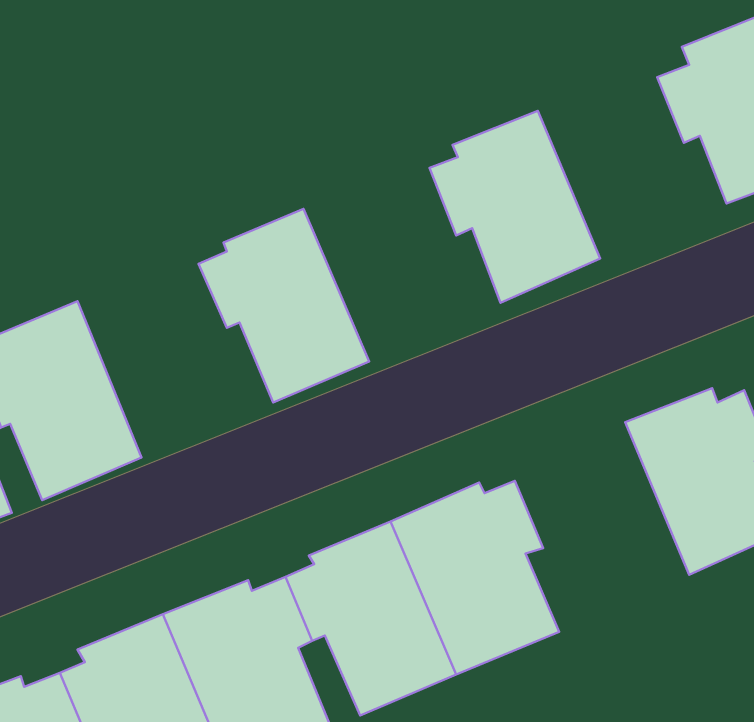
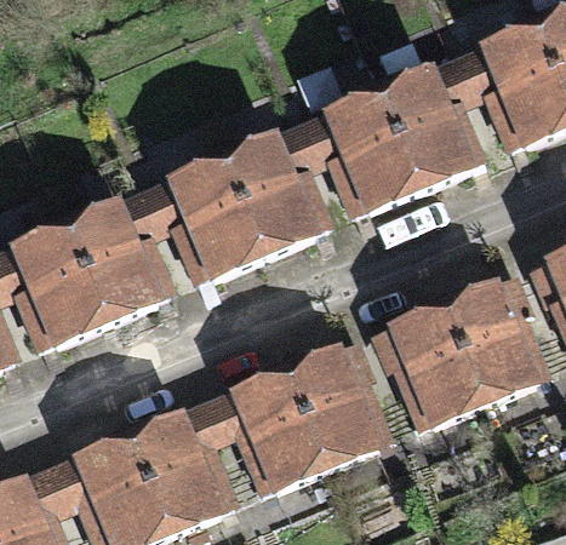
building: none -> [381,63,490,188]
building: none -> [221,126,337,258]
building: none -> [67,191,182,323]
building: none -> [373,299,484,432]

